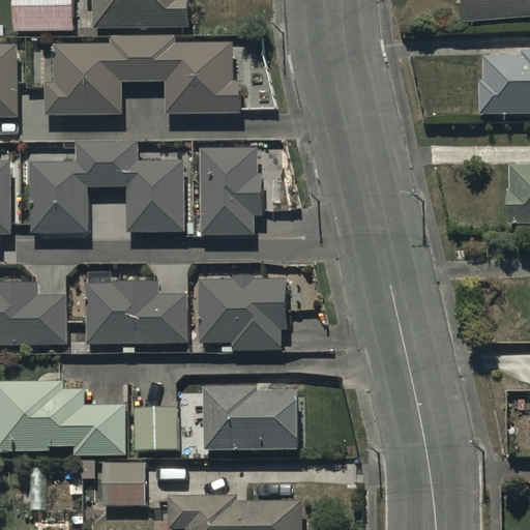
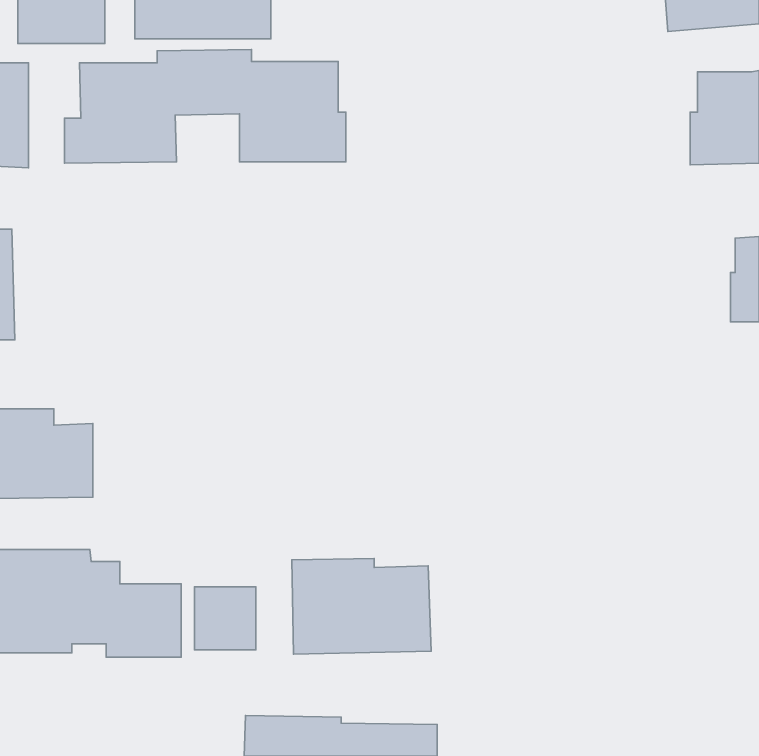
building: [28,142,182,233] -> none
building: [200,149,263,232] -> none
building: [199,276,286,348] -> none
building: [86,283,187,343] -> none
building: [100,459,145,504] -> none

